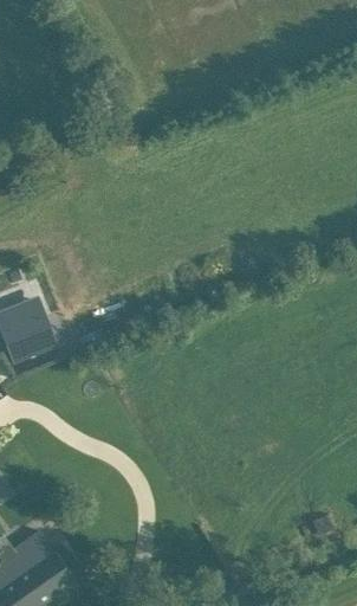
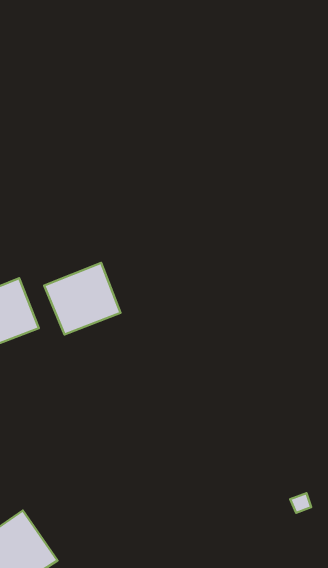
building: none -> [44,263,120,334]

